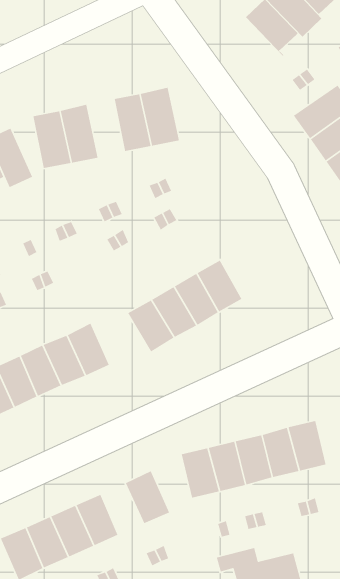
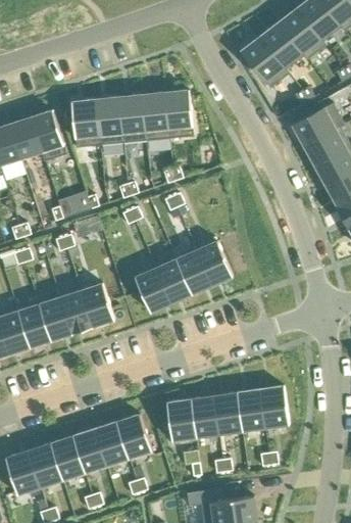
building: none -> [240,37,288,88]
building: none -> [117,94,145,143]
building: none -> [94,421,128,465]

